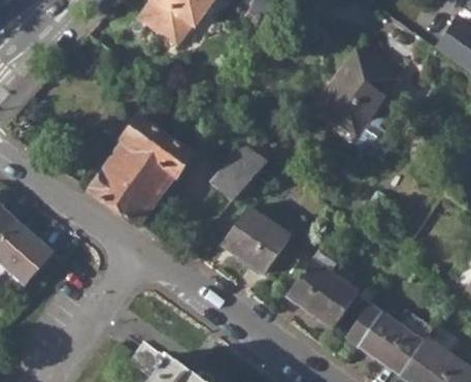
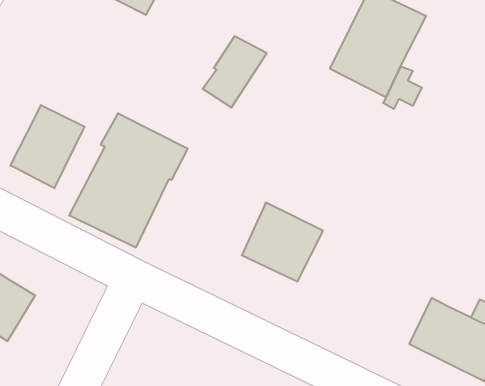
building: none -> [10,105,84,188]
building: [212,145,268,201] -> [203,36,267,108]
building: [287,255,359,329] -> none

